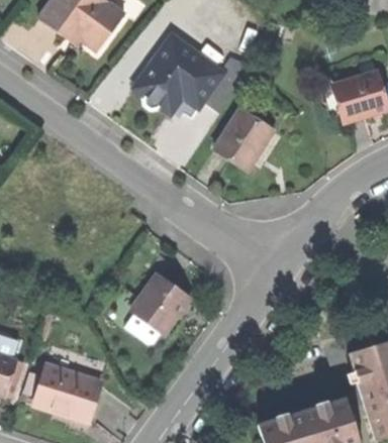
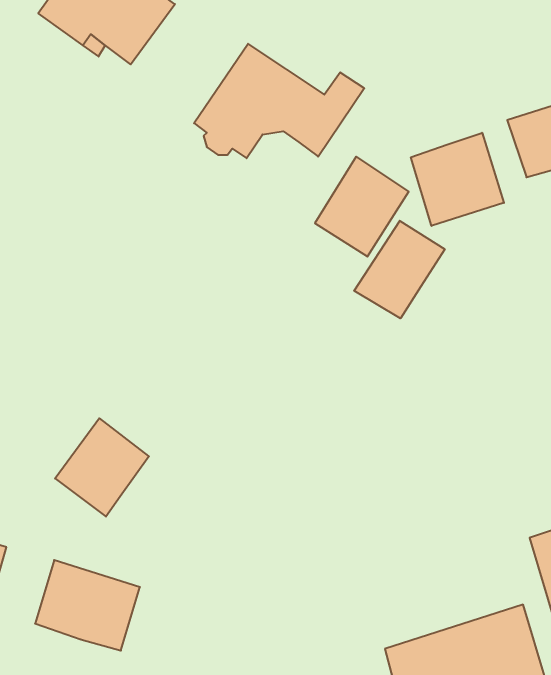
building: none -> [411,133,504,226]
building: none -> [354,221,445,318]
building: [130,272,190,335] -> [55,418,149,517]

